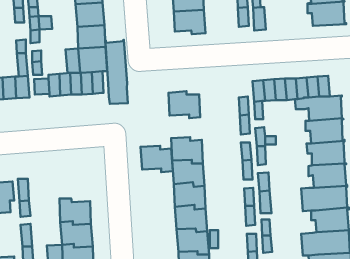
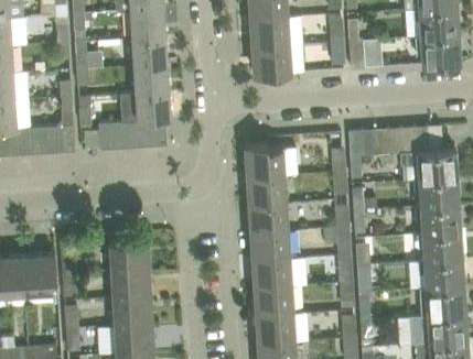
building: [105,40,128,104] -> none
building: [140,146,173,172] -> [247,172,287,204]
building: none -> [110,241,150,279]

